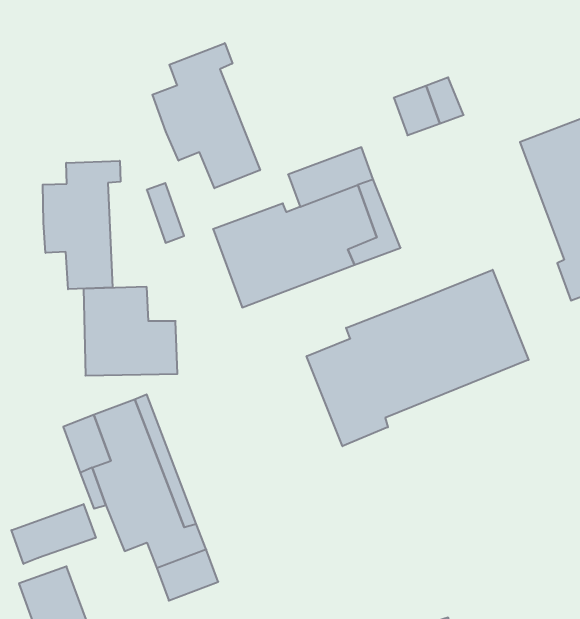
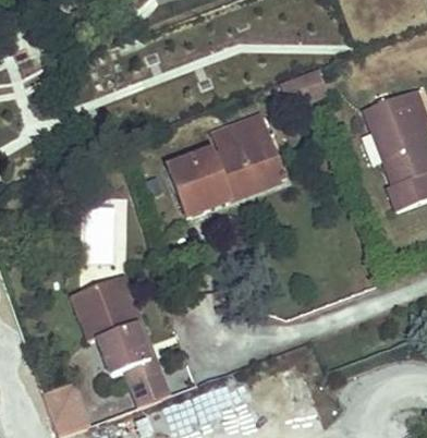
building: [152,43,260,188] -> none
building: [43,161,120,289] -> none
building: [307,270,529,446] -> none
building: [11,504,96,564] -> none

